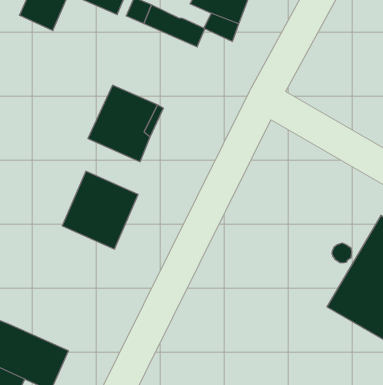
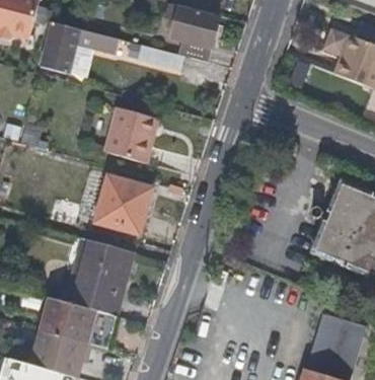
building: none -> [67,242,128,317]

